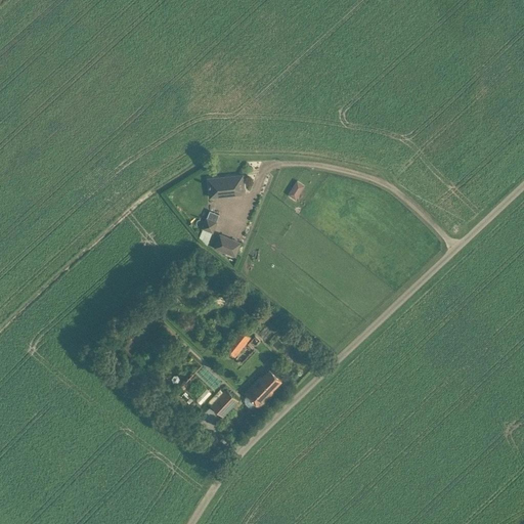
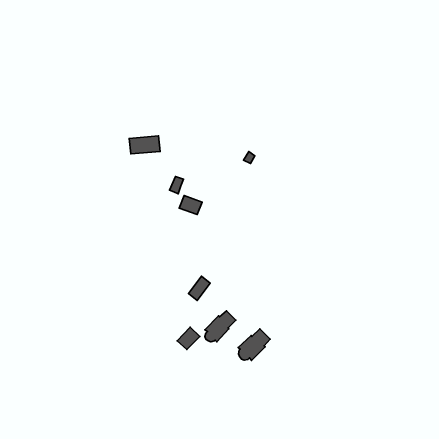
building: [207,176,244,198] -> [129,136,160,154]
building: none -> [238,329,270,361]

